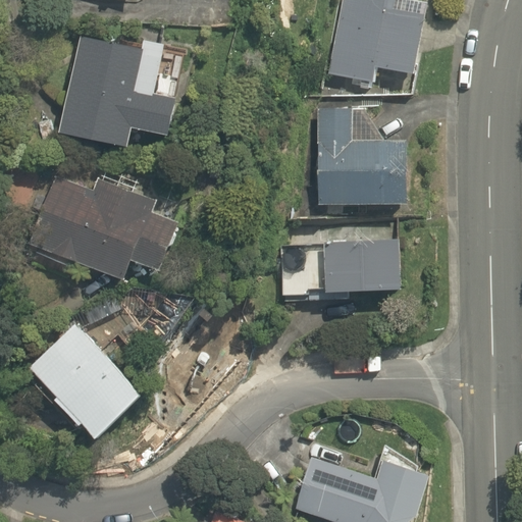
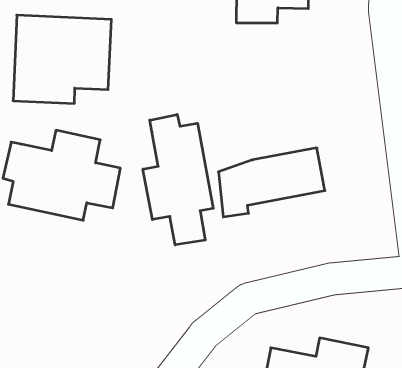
building: [317,112,402,207] -> none
building: none -> [143,114,213,245]
building: [25,322,140,439] -> none

